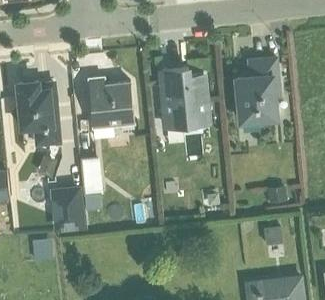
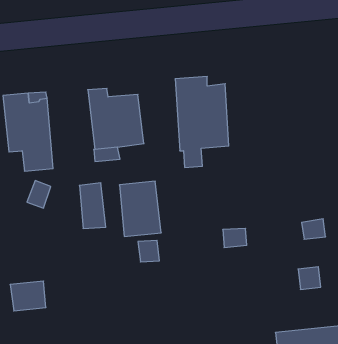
building: [236,59,279,125] -> none
building: [50,186,85,232] -> [119,181,161,236]

